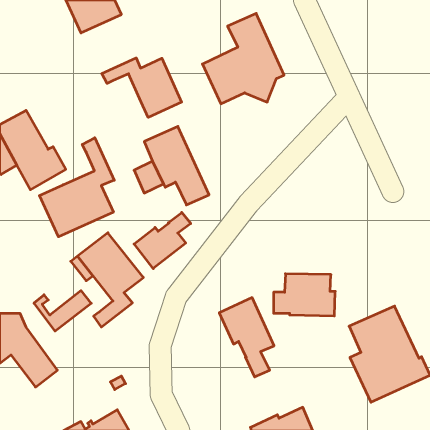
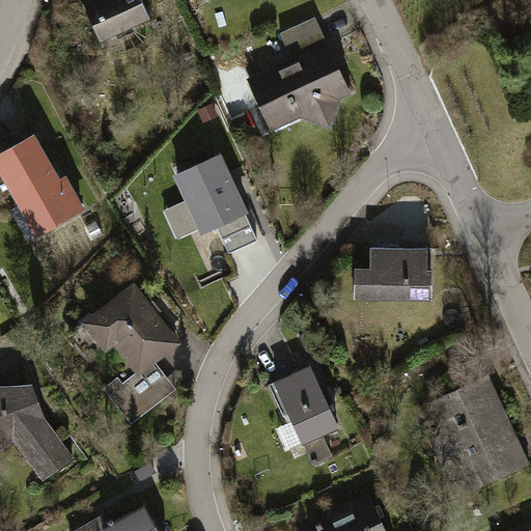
building: [102,58,182,117] -> none
building: [39,138,114,237] -> none
building: [134,212,191,269] -> none
building: [274,274,335,316] -> [357,248,432,300]
building: [34,291,91,331] -> [105,373,175,423]

